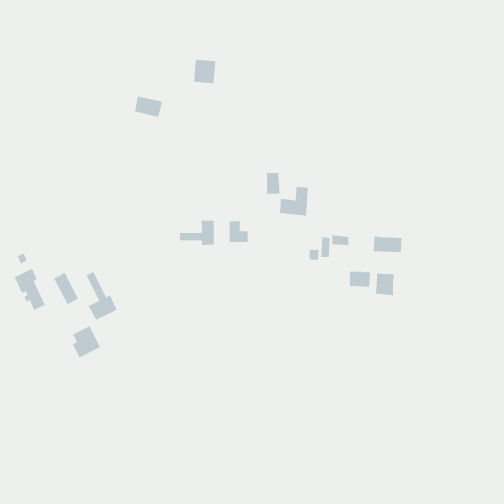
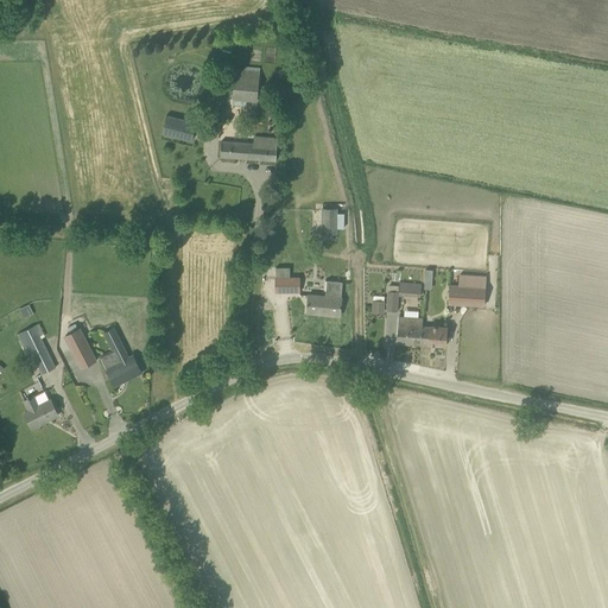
building: none -> [220,137,278,160]
building: [279,186,309,216] -> [306,280,342,316]
building: [179,220,214,246] -> none
building: [375,273,395,296] -> [398,317,422,344]
building: [72,326,101,358] -> [24,390,58,429]

